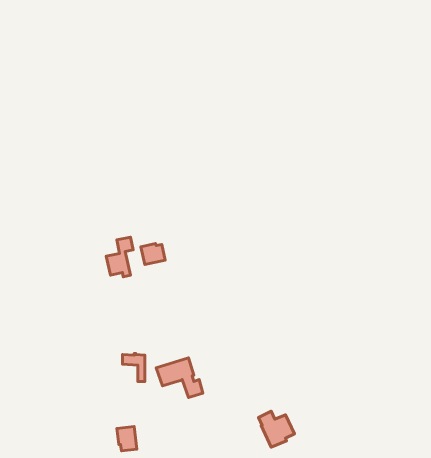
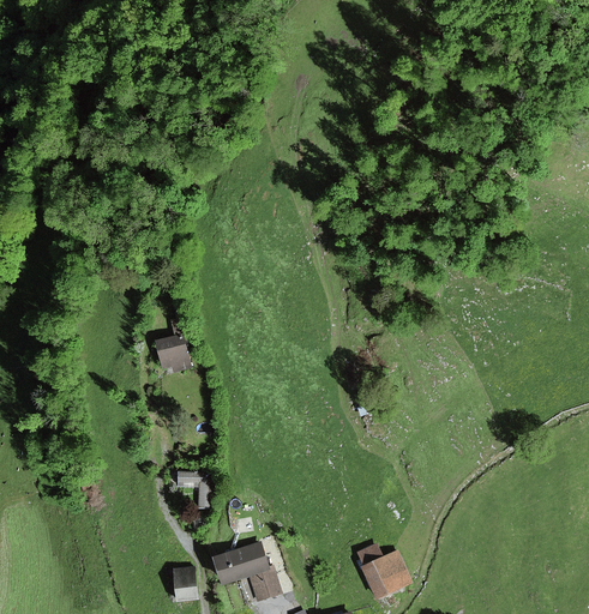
building: [141,244,165,265] -> none
building: [156,358,203,398] -> [215,544,277,597]

